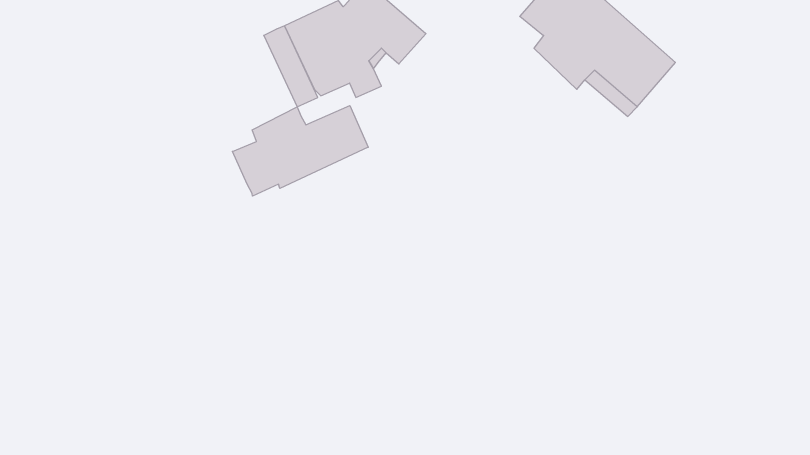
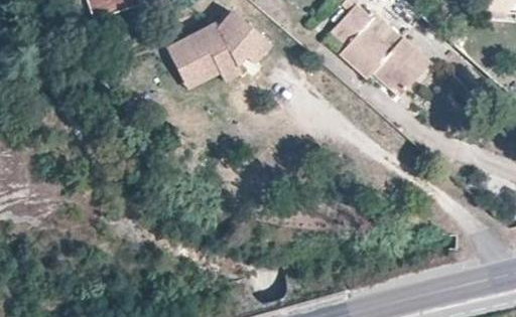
building: [232,106,368,196] -> none

